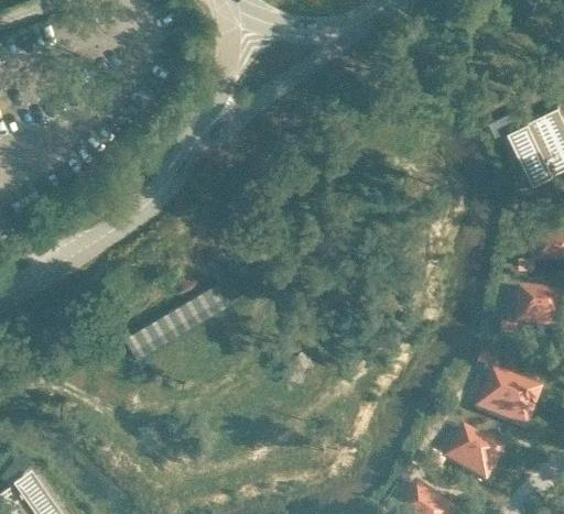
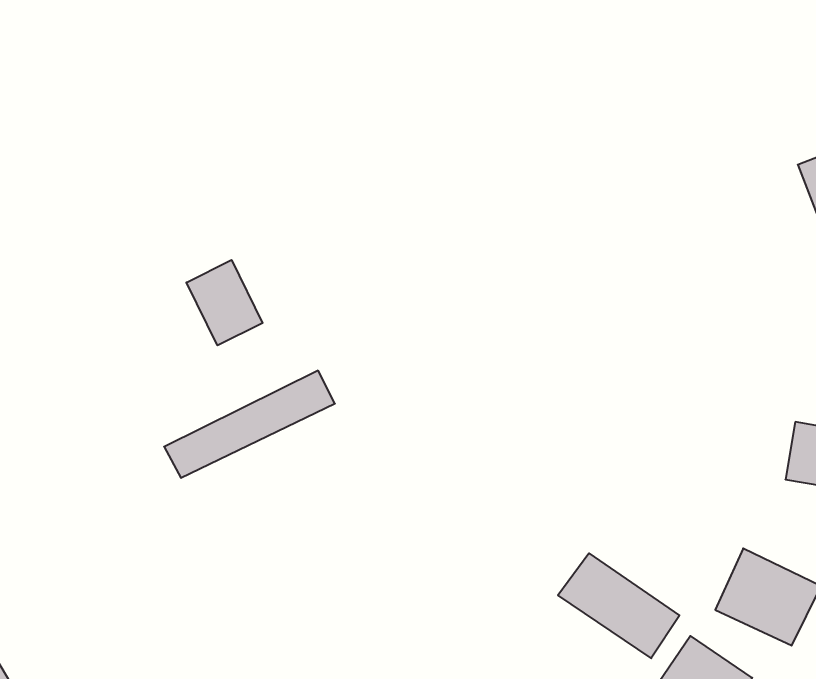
building: none -> [186,260,263,345]
building: none -> [558,553,679,658]

